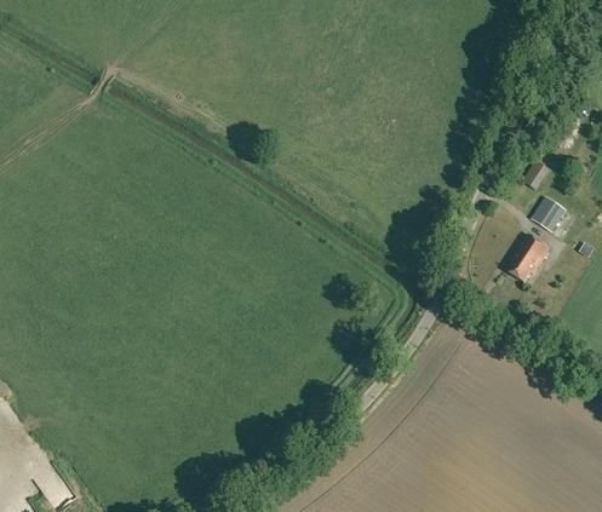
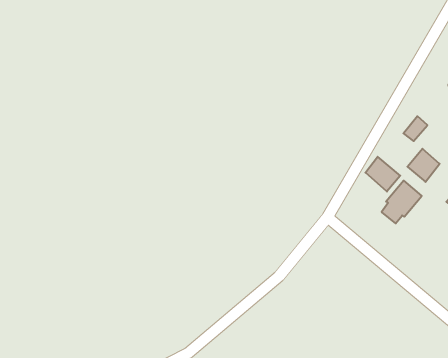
building: none -> [365,157,400,192]

